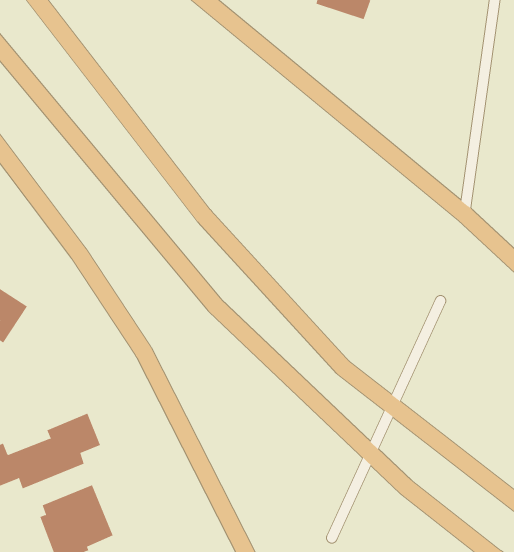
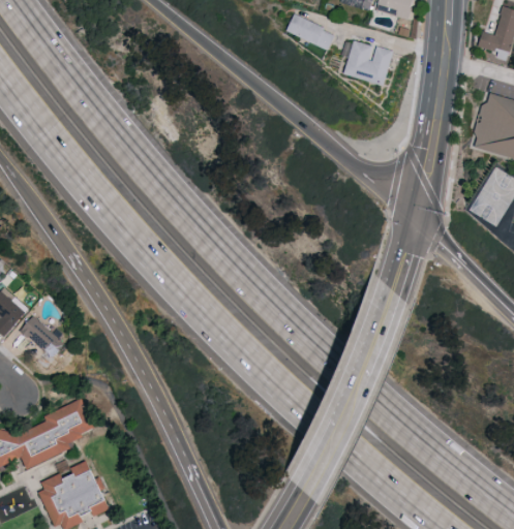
building: none -> [343,40,393,85]
building: none -> [20,314,64,371]

